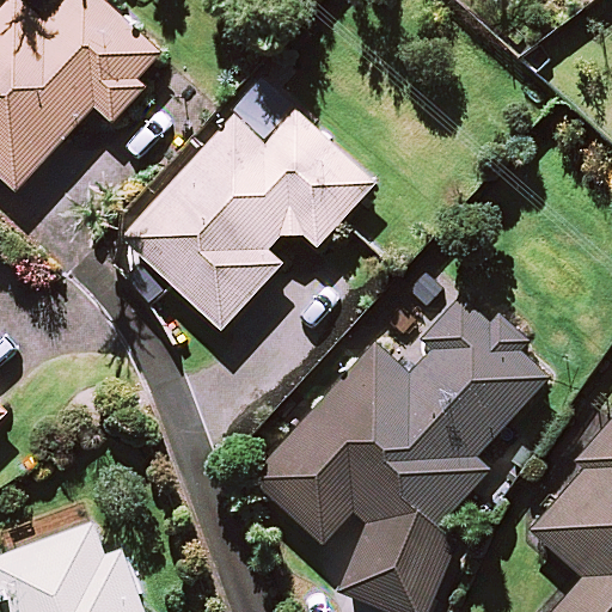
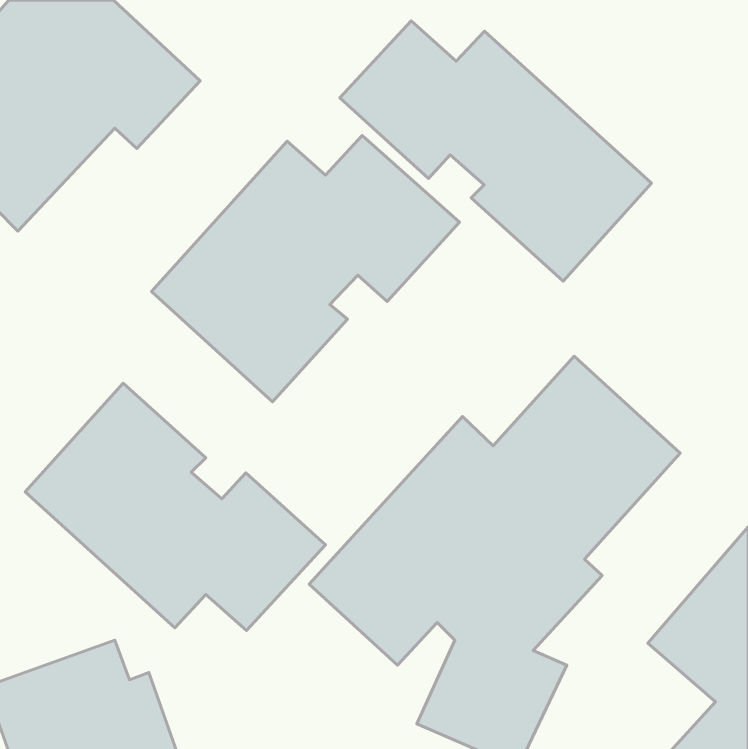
building: none -> [340,21,651,281]
building: none -> [25,383,325,631]

